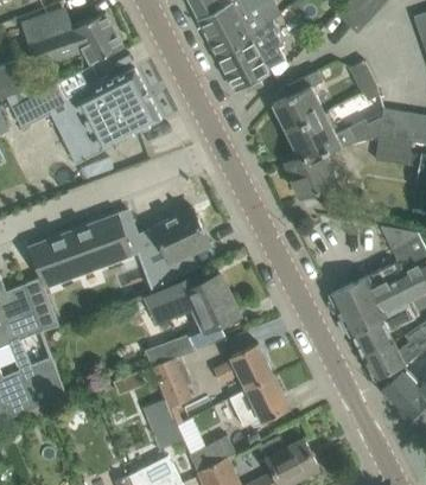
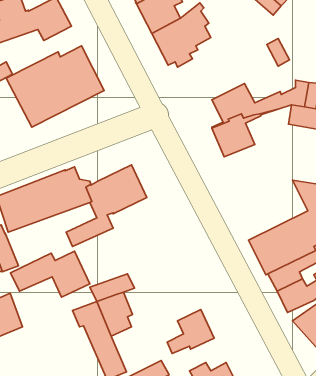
building: [272,76,324,132] -> none
building: [145,275,237,328] -> [10,251,90,297]
building: [212,343,273,389] -> none

